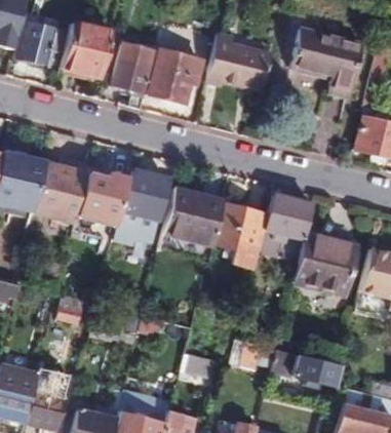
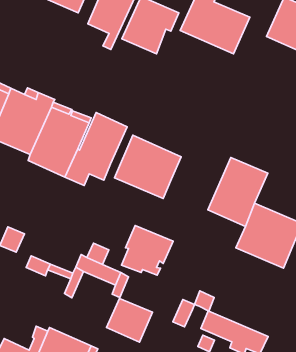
building: [220,201,267,246] -> [122,226,173,275]

